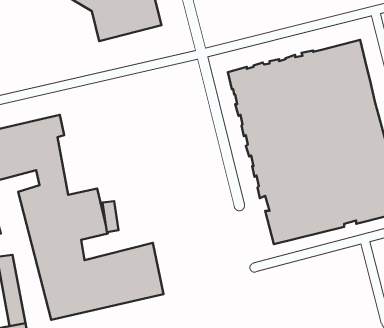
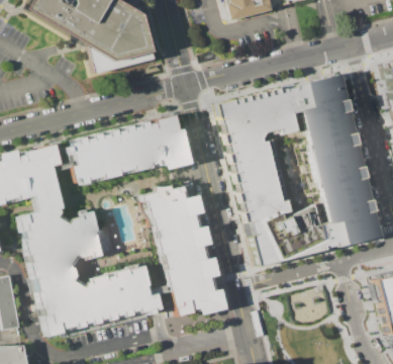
building: none -> [68,114,193,187]
building: none -> [145,183,226,316]

